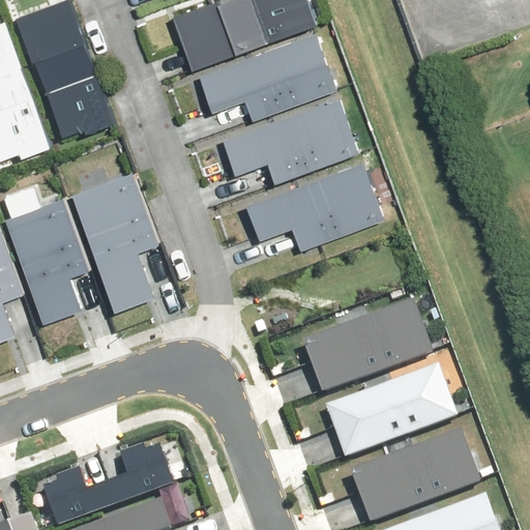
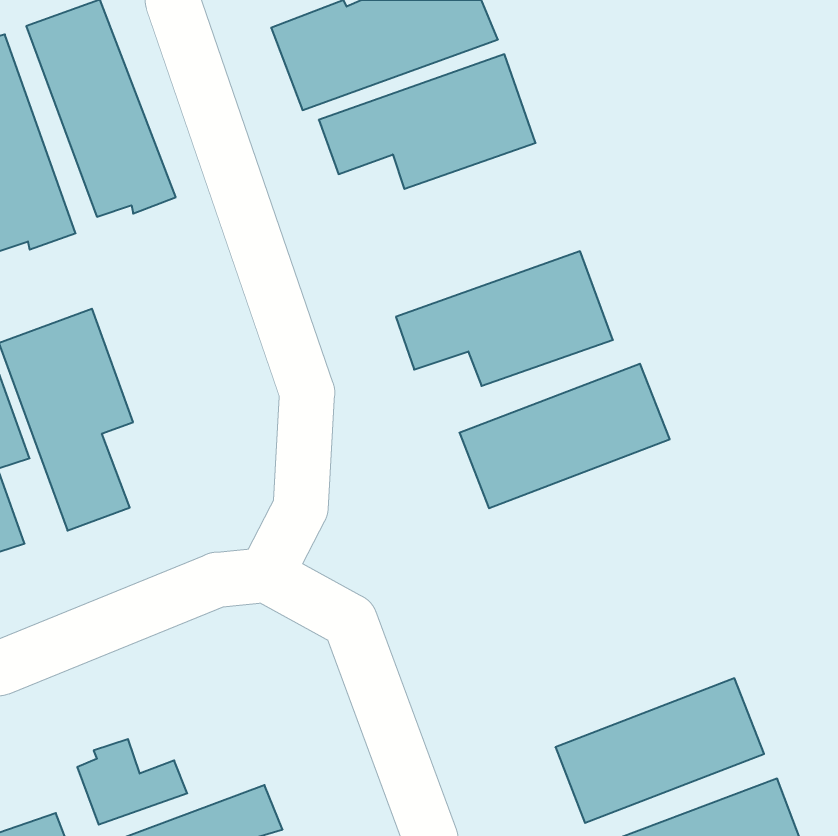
building: [224,94,359,179] -> none
building: [66,174,152,314] -> none
building: [302,302,435,393] -> [459,364,670,508]
building: [327,363,459,454] -> none
building: [110,441,177,502] -> none

